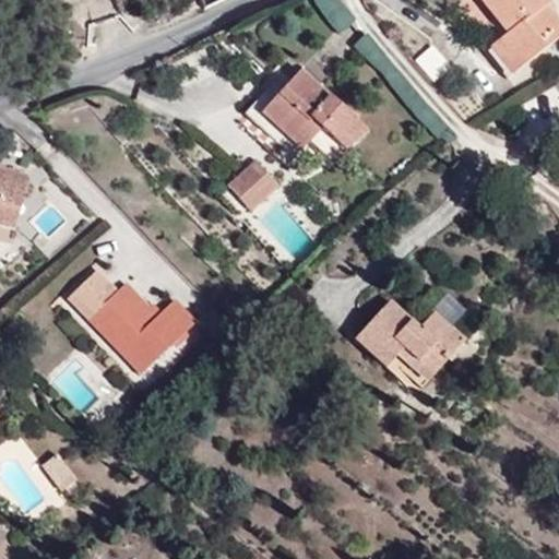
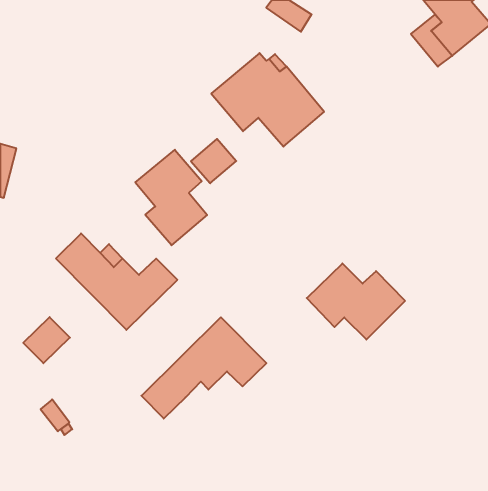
building: none -> [135,150,207,245]
building: none -> [23,317,70,363]
building: none -> [141,317,266,419]

